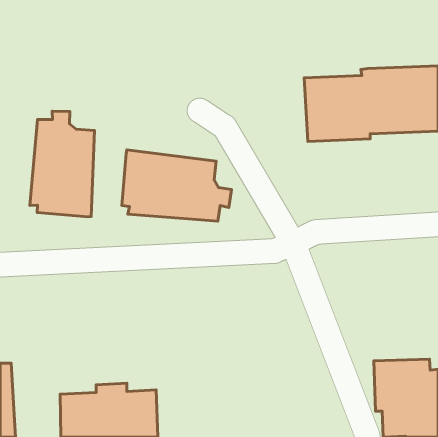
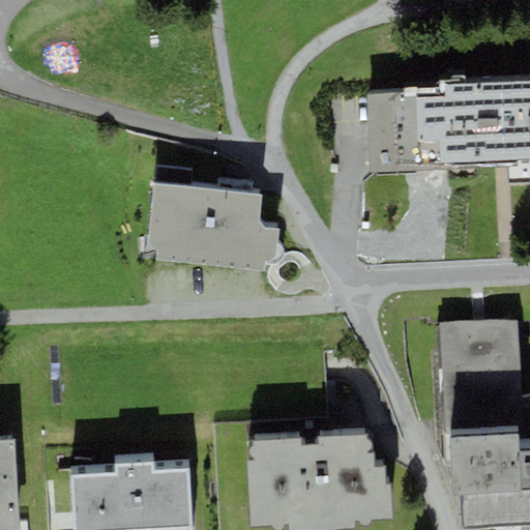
building: [30,111,95,217] -> none
building: none -> [440,319,522,437]
building: none -> [248,434,391,524]

